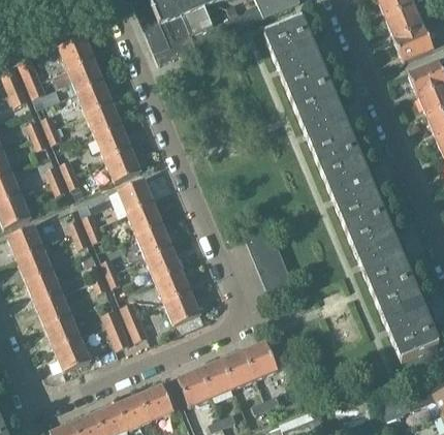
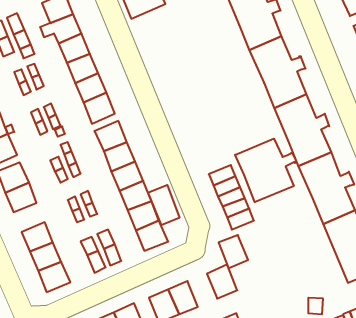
building: none -> [235,139,296,202]
building: none -> [148,185,179,225]
building: [27,271,62,304] -> none
building: [222,350,255,387] -> [219,235,248,268]

